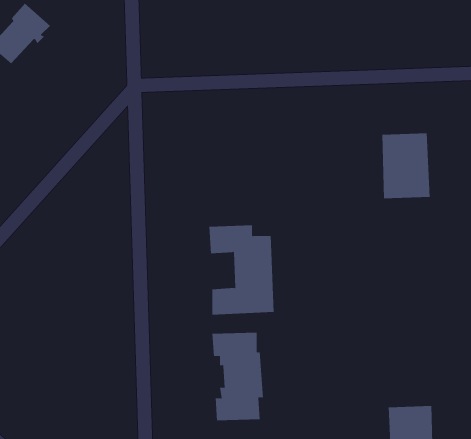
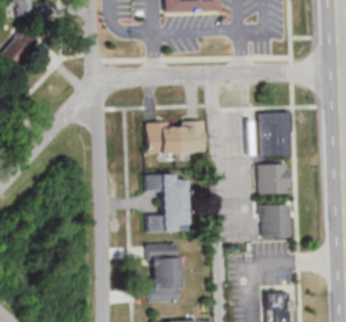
building: none -> [146,120,206,154]
building: none -> [258,163,289,194]
building: none -> [262,205,291,238]

